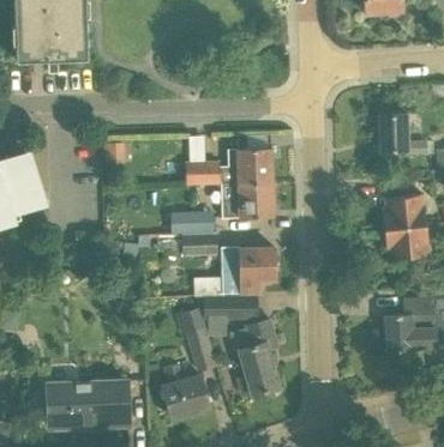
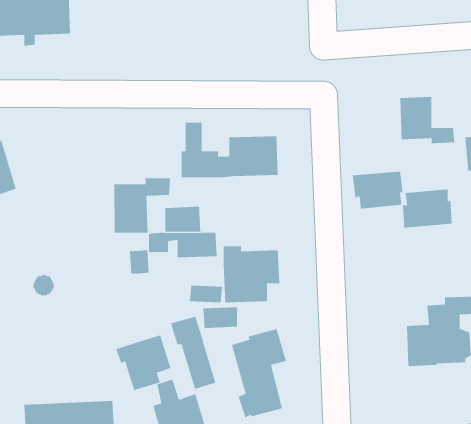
building: [224,182,274,218] -> none
building: none -> [114,177,170,233]
building: [383,225,428,259] -> [352,171,404,209]
building: none -> [116,335,171,391]

